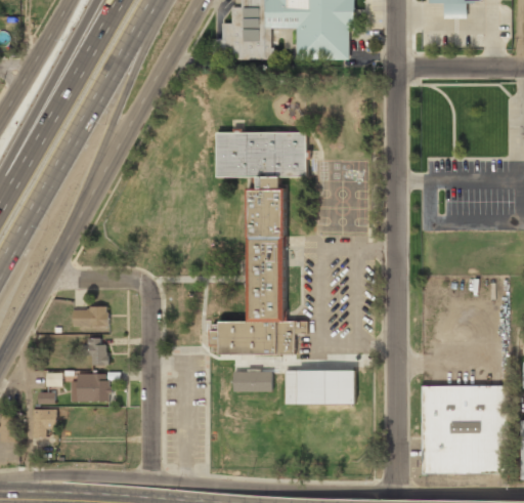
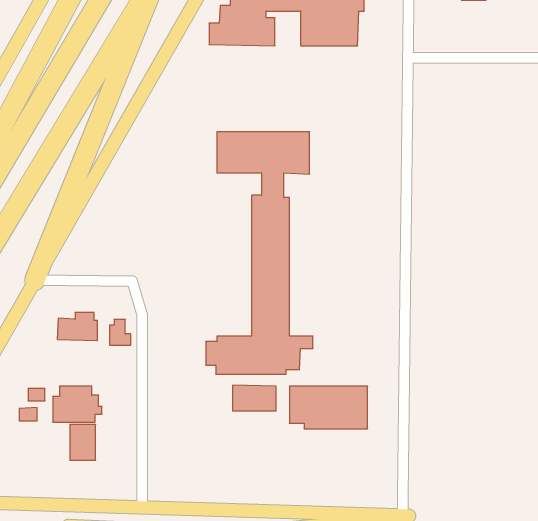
building: [89,342,108,366] -> [110,319,131,345]
building: [421,385,506,476] -> none
building: [30,405,53,437] -> [70,424,96,460]

